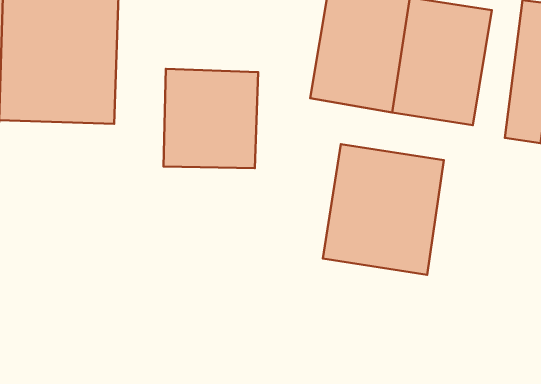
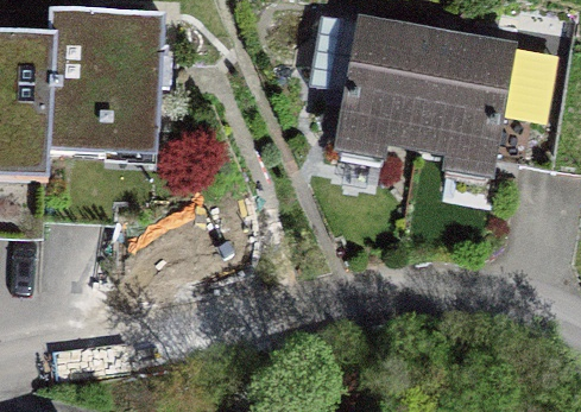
building: [164,69,258,168] -> none
building: [323,144,444,275] -> none

